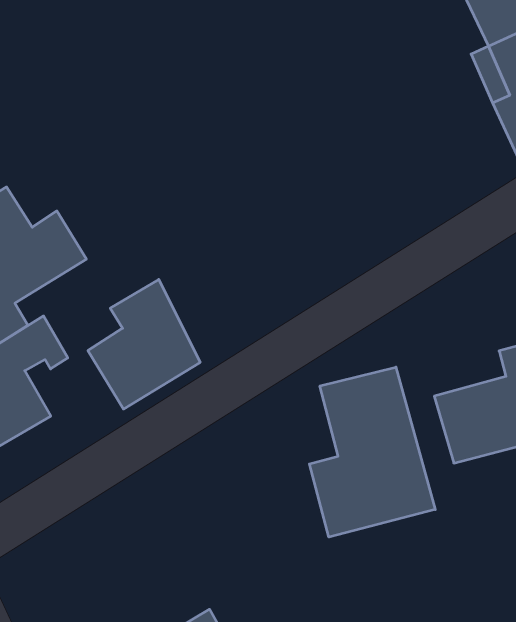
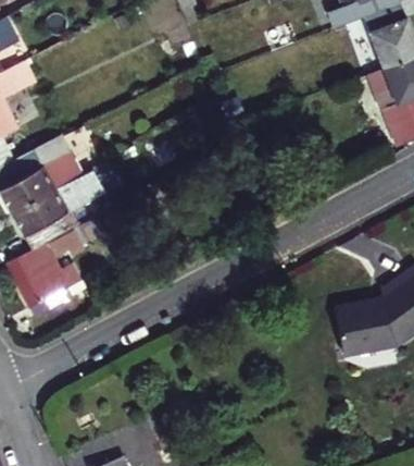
building: [88,279,200,409] -> none
building: [309,367,435,537] -> none

